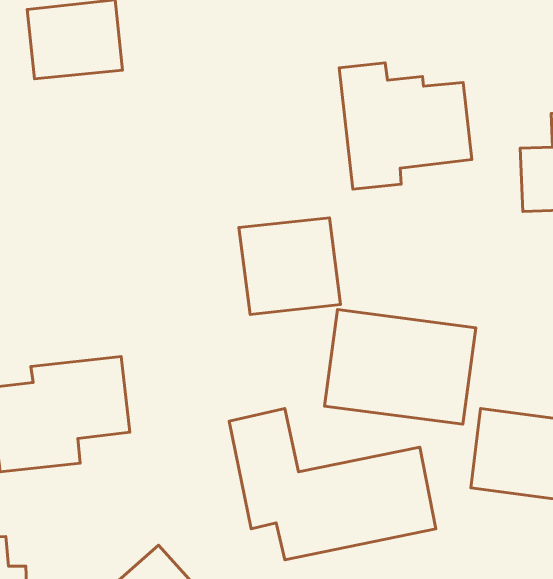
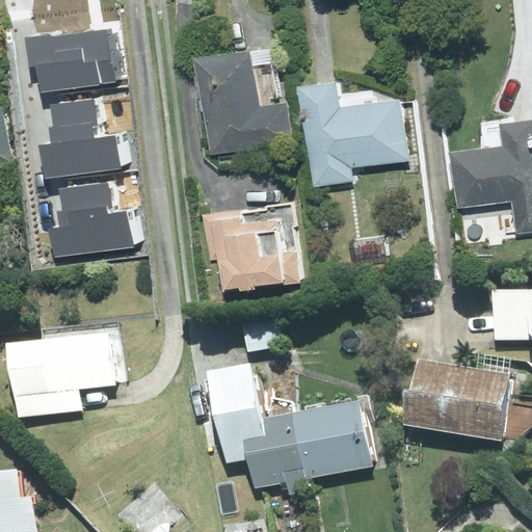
building: none -> [194,46,292,156]
building: none -> [49,94,125,164]
building: none -> [56,176,133,243]
building: [324,310,476,424] -> none

